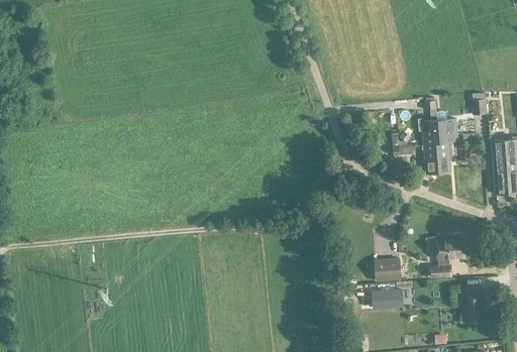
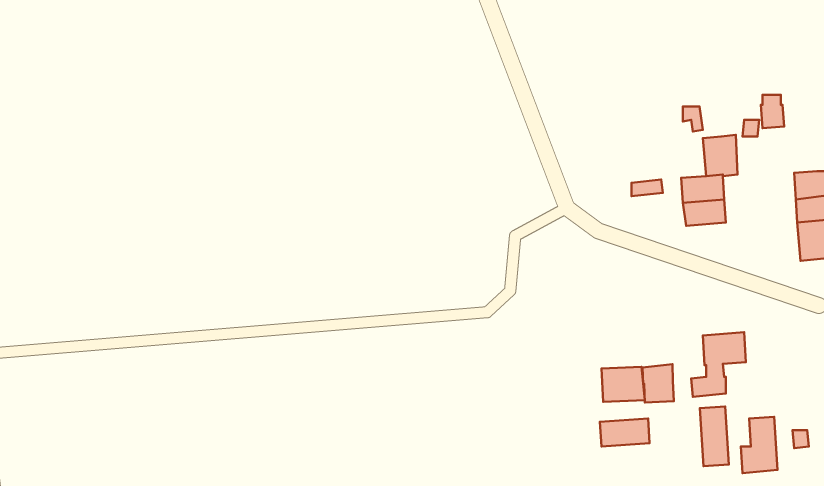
building: [418,118,438,143] -> none
building: none -> [643,364,674,402]
building: none -> [700,406,729,466]

